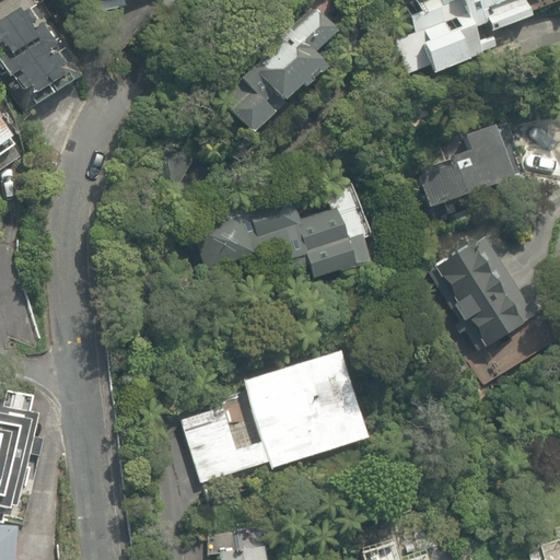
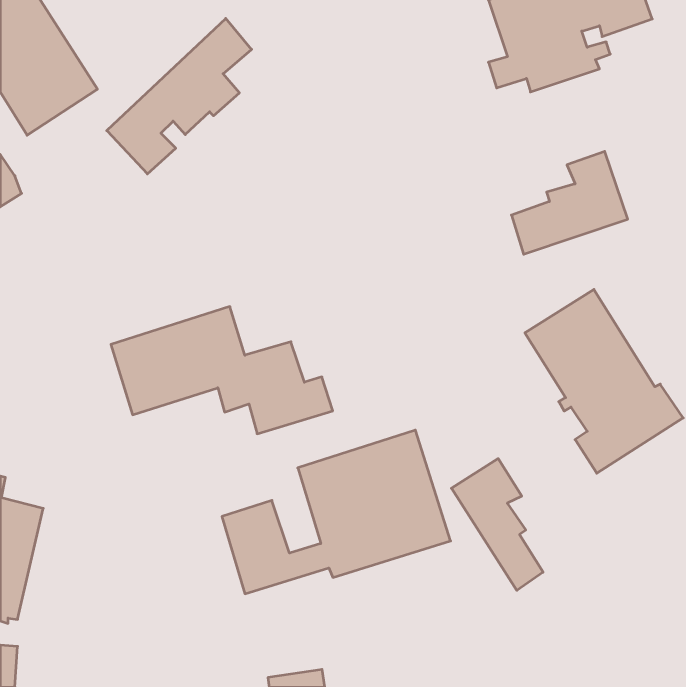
building: [219,8,336,133] -> [107,18,252,174]
building: [190,178,370,281] -> [111,307,333,434]
building: none -> [451,459,543,590]

